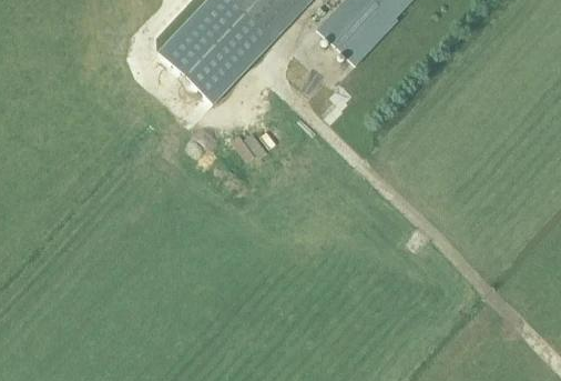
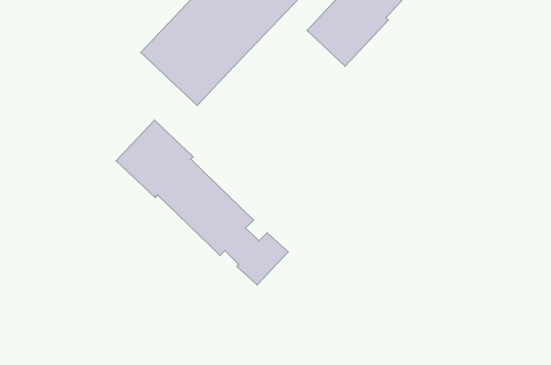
building: none -> [116,120,288,285]

